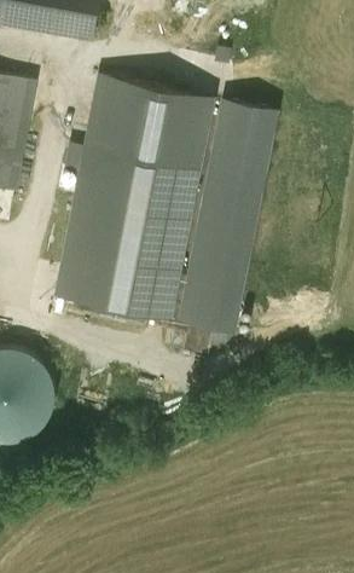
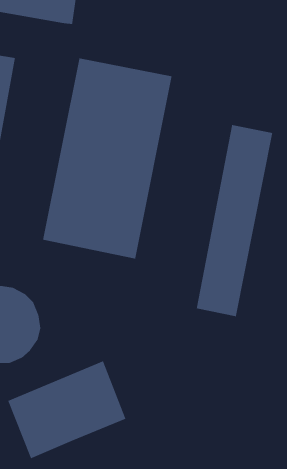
building: [182,100,274,329] -> [196,124,273,317]
building: none -> [7,360,127,459]

